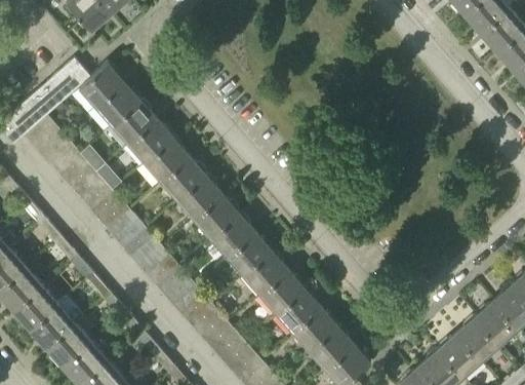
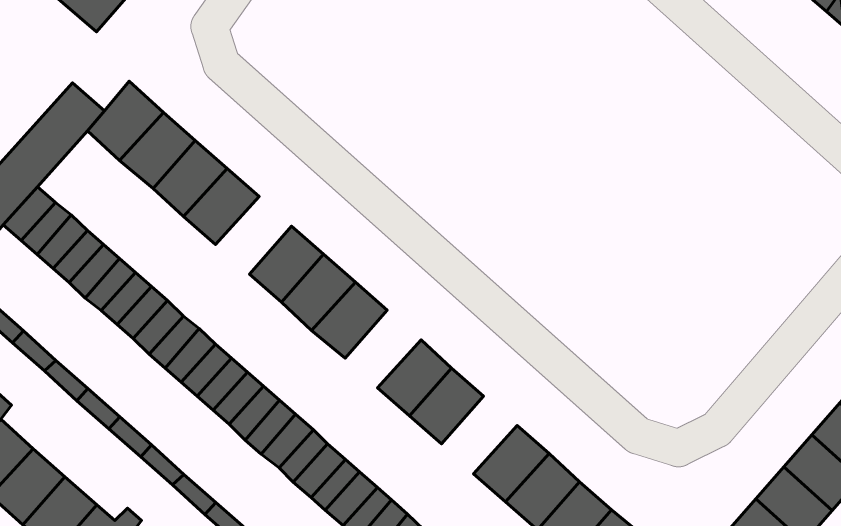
building: [145,138,190,182] -> none
building: [211,213,256,257] -> none
building: [260,269,306,313] -> none

